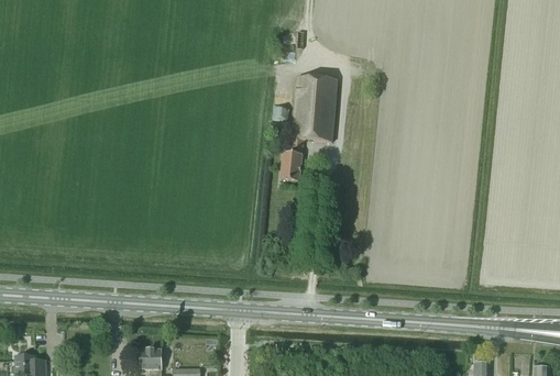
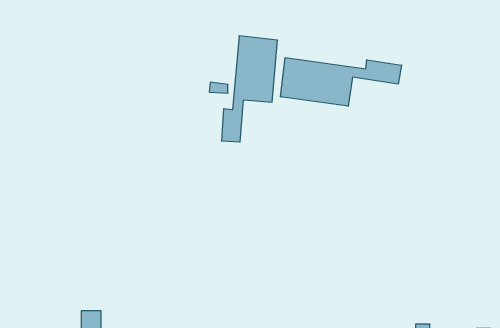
building: none -> [281,58,402,106]

